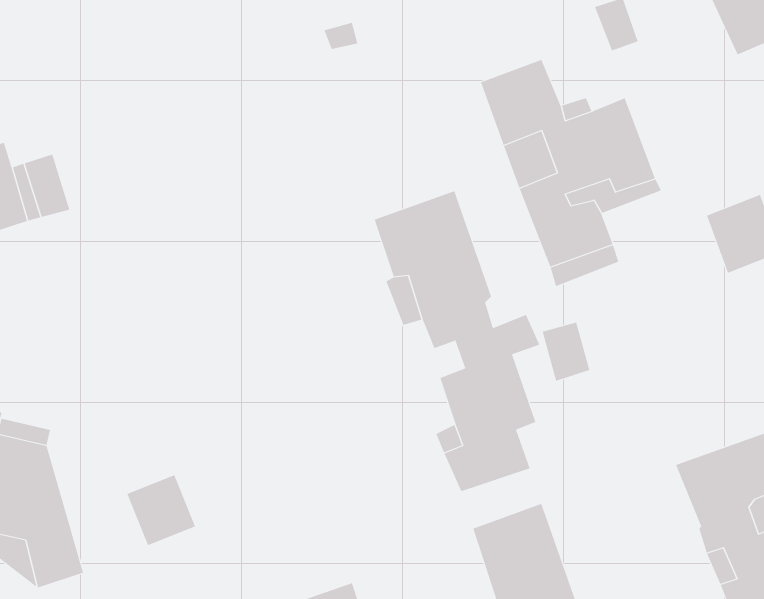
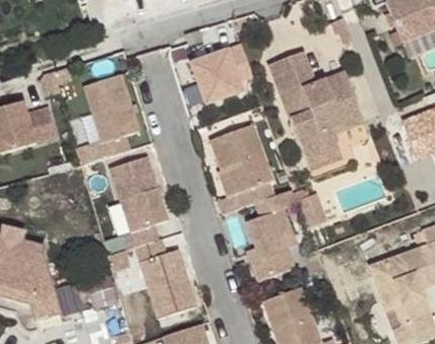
building: none -> [191,48,252,107]
building: none -> [85,75,139,159]
building: none -> [110,159,196,321]

